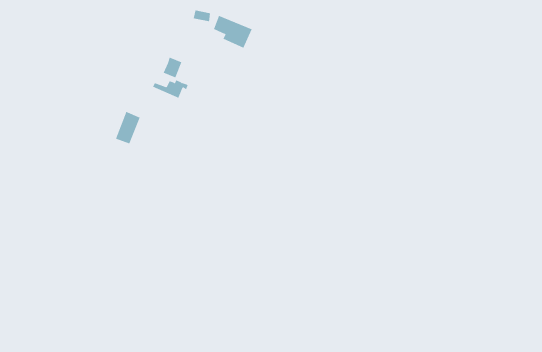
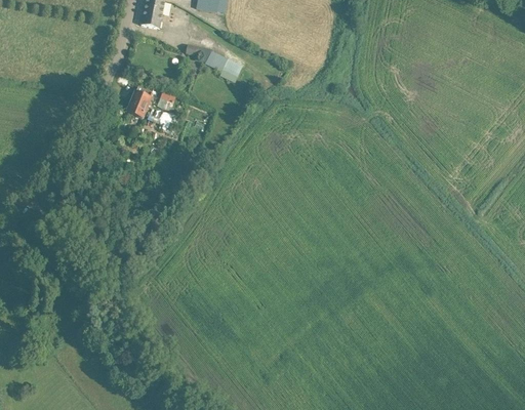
building: [115,111,141,144] -> [127,86,152,118]

